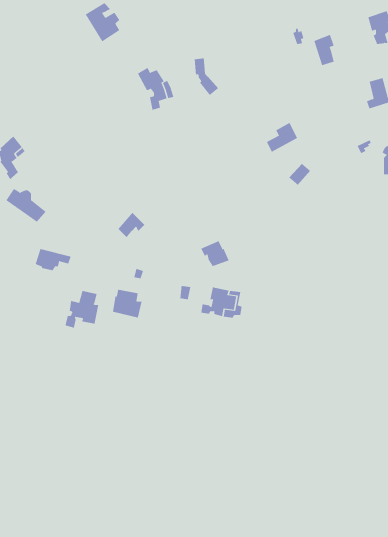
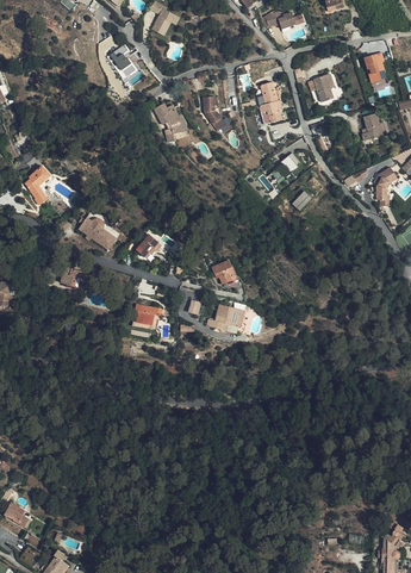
building: none -> [257,81,282,124]
building: [6,188,46,222] -> [79,217,116,248]
building: [65,290,99,329] -> none

